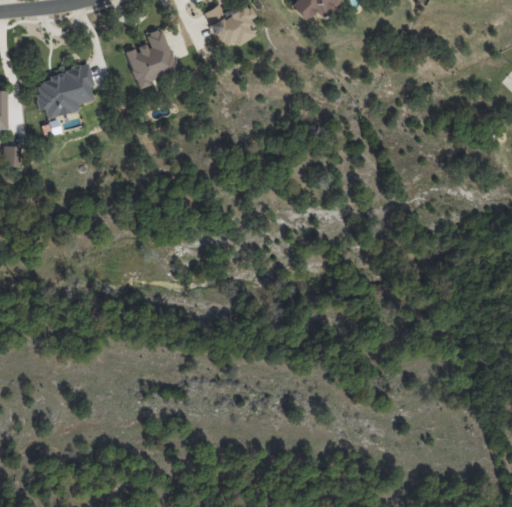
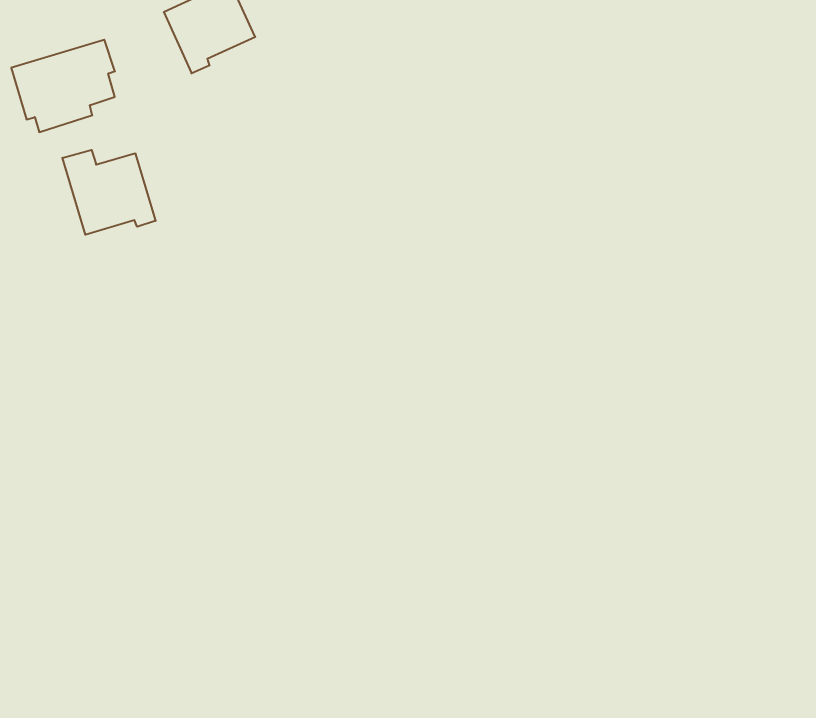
building: none -> [62,150,156,235]

